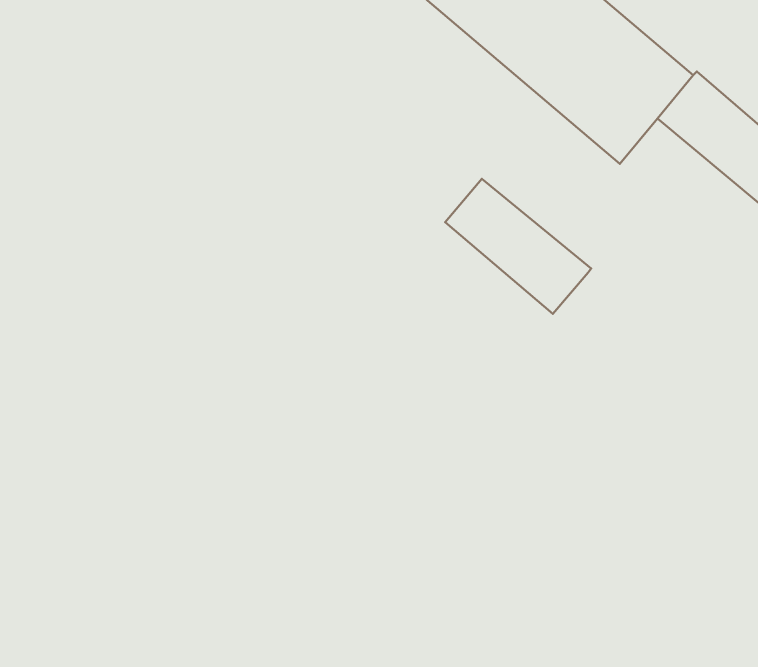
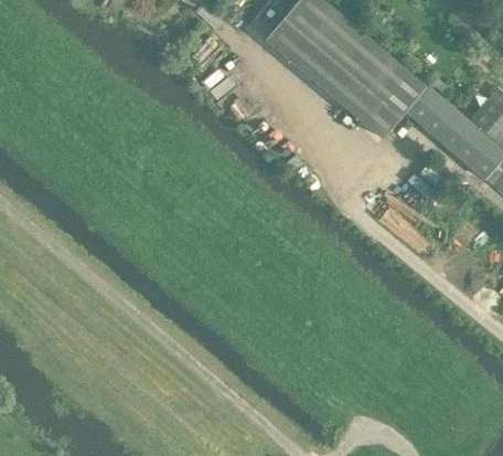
building: [445,179,591,314] -> none

